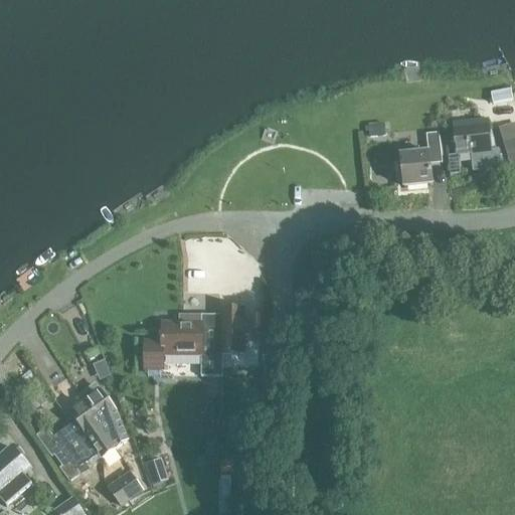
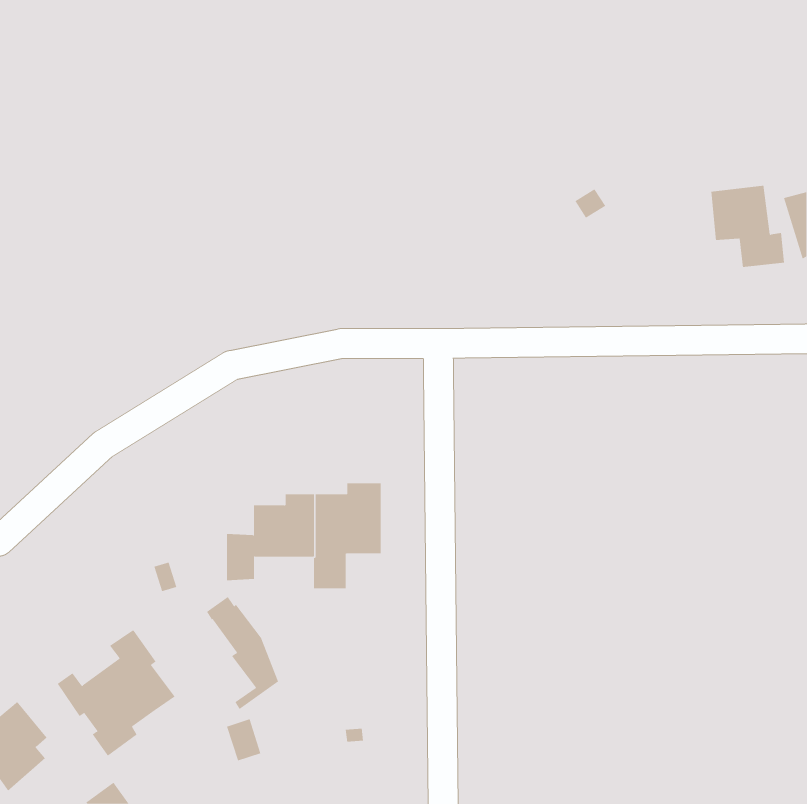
building: [399,132,441,185] -> none
building: [80,384,127,457] -> [206,596,279,710]
building: [108,471,142,504] -> none

